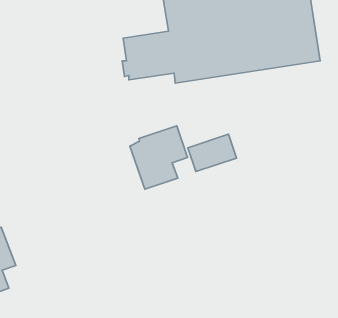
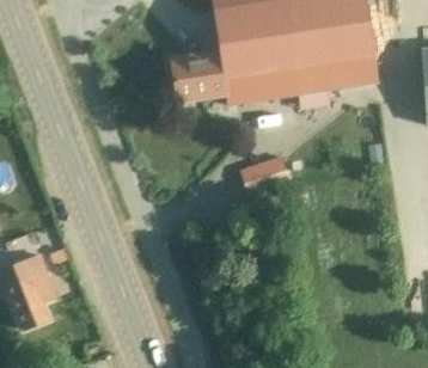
building: [130,126,188,189] -> none

